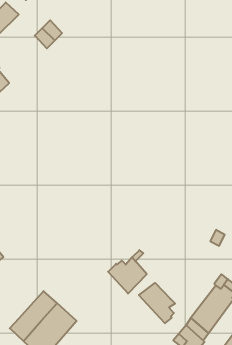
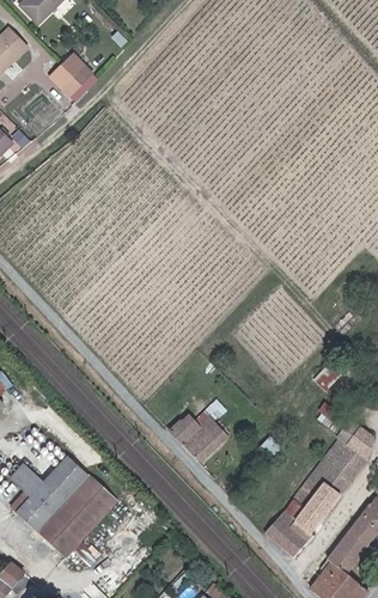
building: [139,283,175,323] -> none
building: none -> [12,466,45,500]

